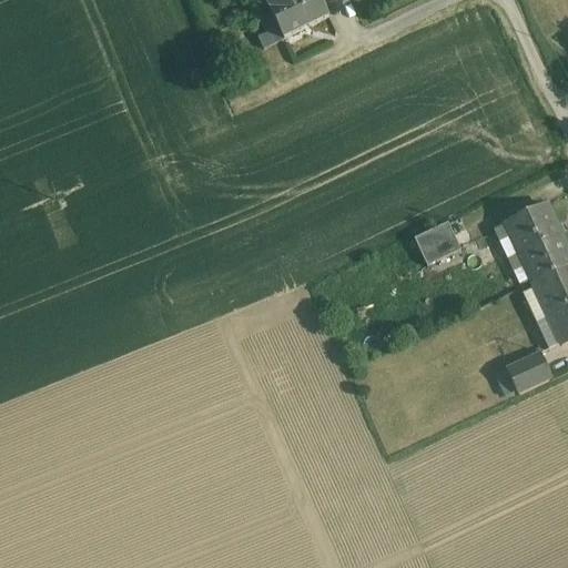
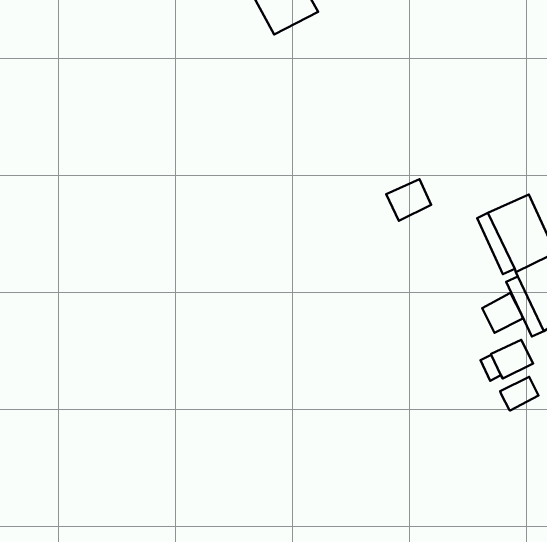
building: [416,220,463,263] -> [386,179,431,221]
building: none -> [482,293,523,333]
building: none -> [500,377,538,410]

